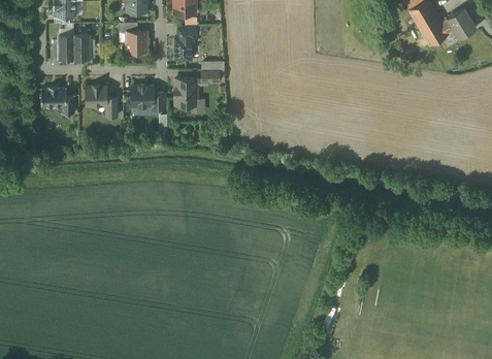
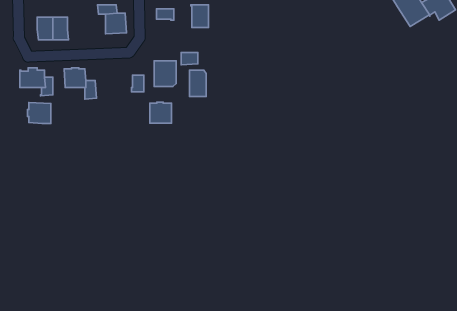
building: [174,37,192,60] -> [191,5,208,27]
building: [132,85,154,105] -> [150,102,171,123]
building: none -> [190,70,206,97]
building: none -> [28,103,51,124]

